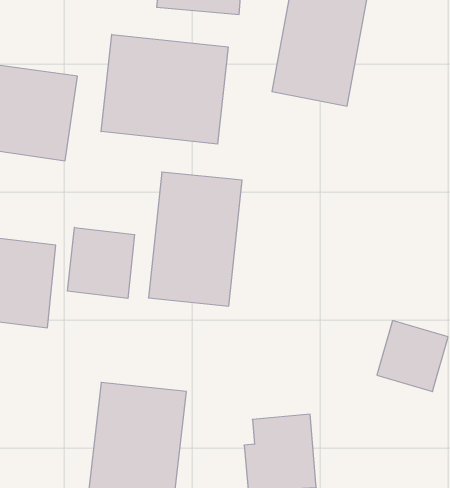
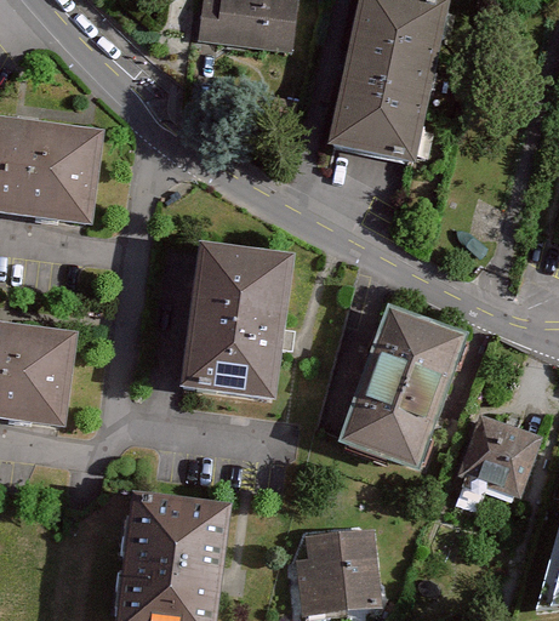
building: [101,34,228,144] -> none
building: none -> [337,306,469,479]
building: [68,227,135,298] -> none

